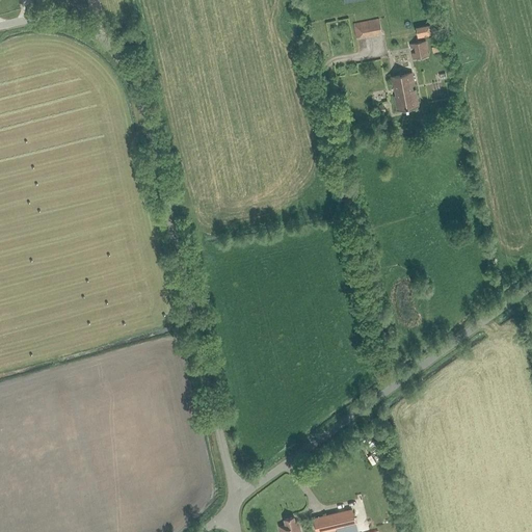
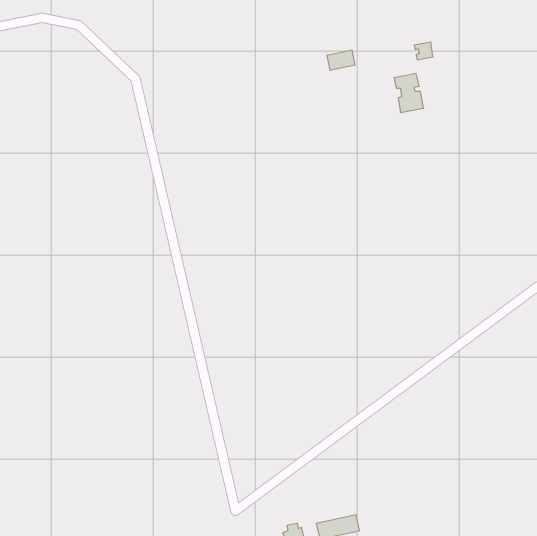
building: [353,20,381,39] -> [327,50,355,70]

